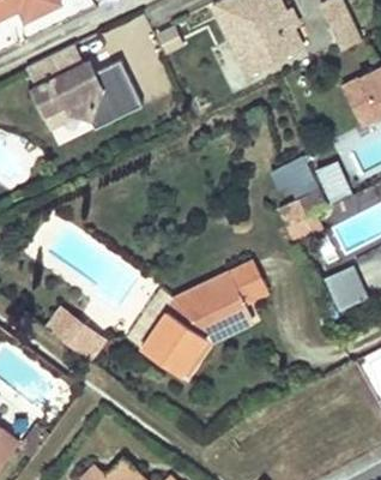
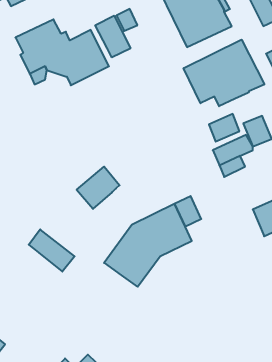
building: none -> [95,16,130,57]
building: none -> [184,40,264,106]
building: none -> [77,167,120,209]

